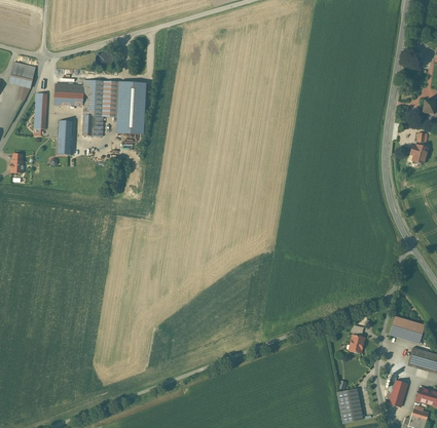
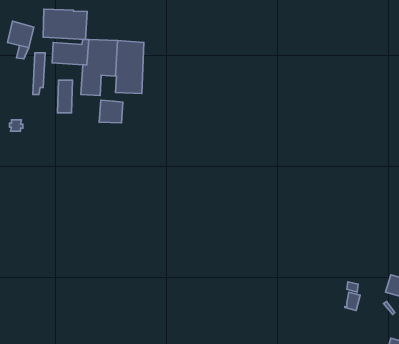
building: none -> [43,9,87,39]
building: none -> [99,100,123,123]

